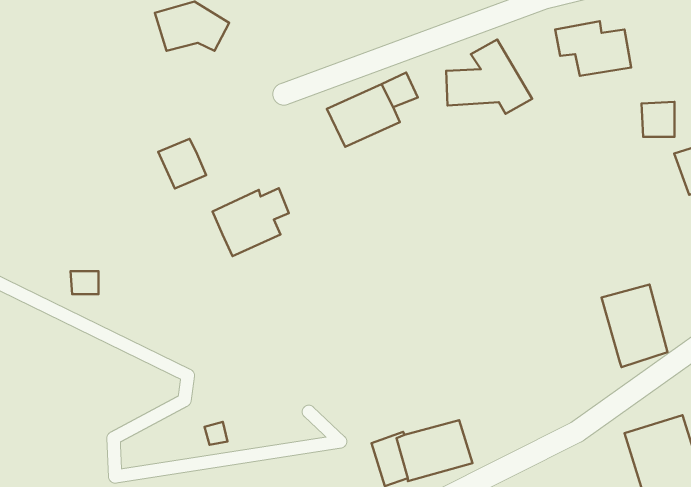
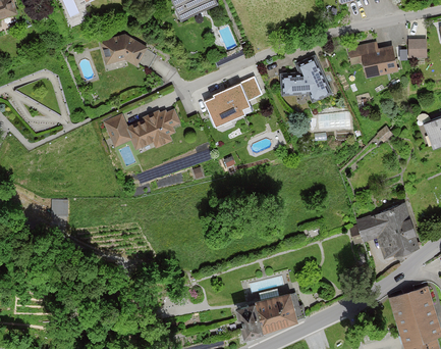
building: [641,102,675,137] -> [407,37,428,58]
building: [213,188,289,256] -> [127,109,174,151]
building: none -> [354,213,388,259]

